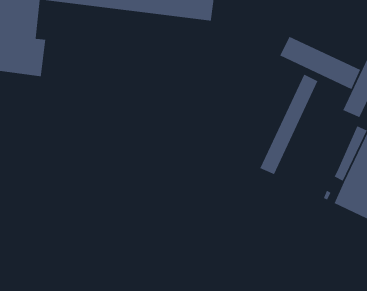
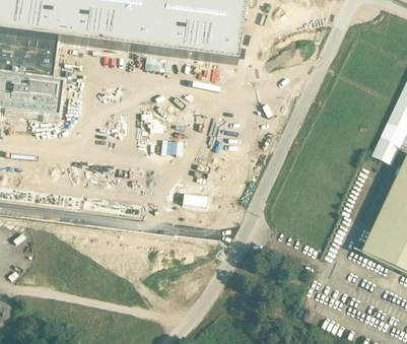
building: [279,36,361,90] -> none
building: [259,73,318,175] -> none

